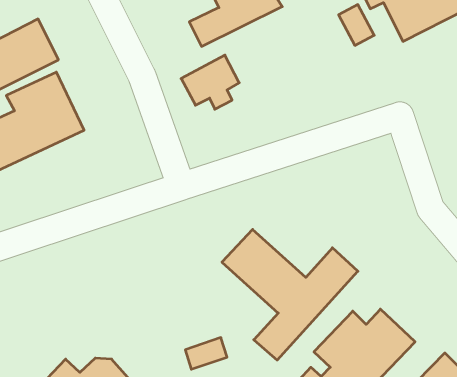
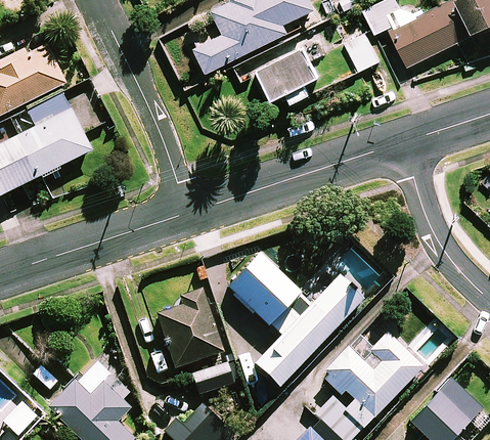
building: [181,55,239,109] -> [259,47,317,101]
building: none -> [153,288,220,366]

